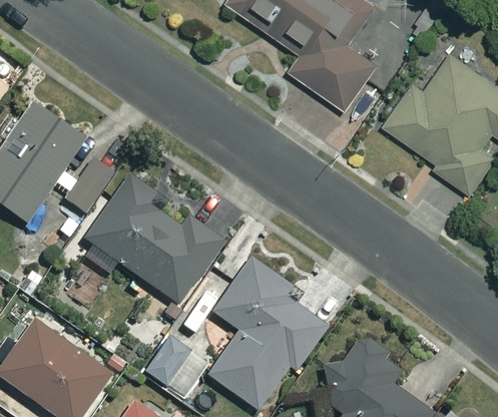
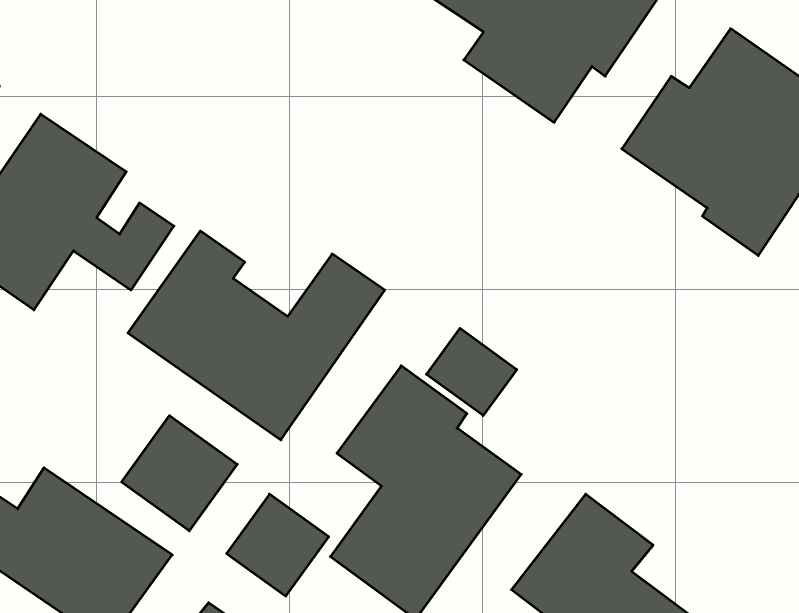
building: none -> [426,328,517,416]
building: none -> [122,416,237,531]

